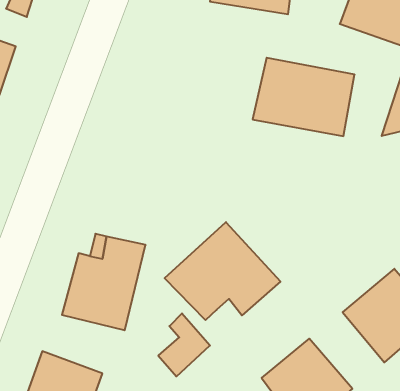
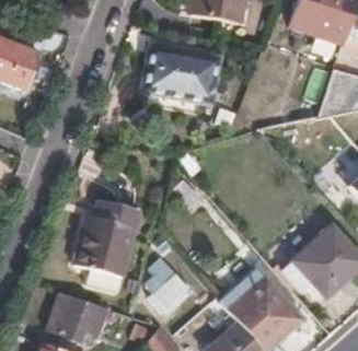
building: [253,58,355,136] -> [137,46,217,107]
building: [165,222,280,320] -> none

